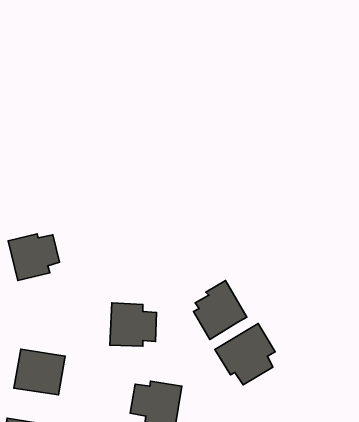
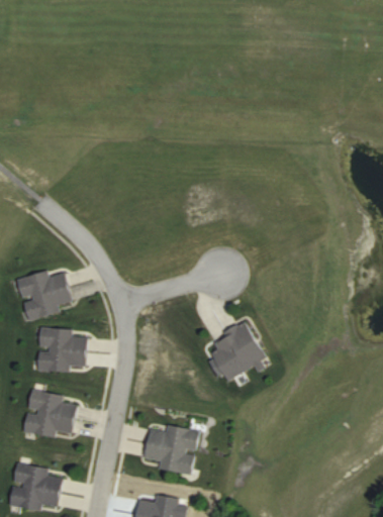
building: [110,303,156,346] -> [37,327,86,373]
building: [215,324,275,385] -> none

